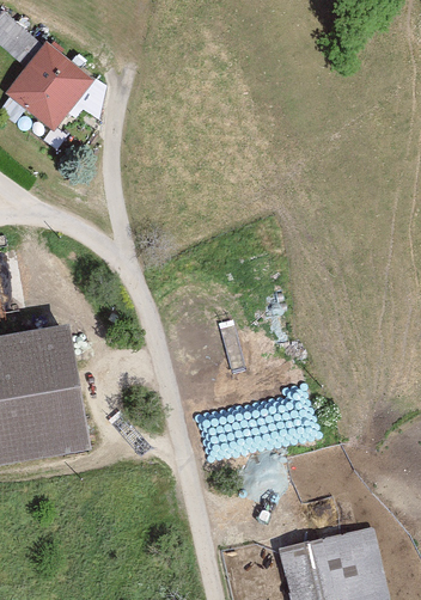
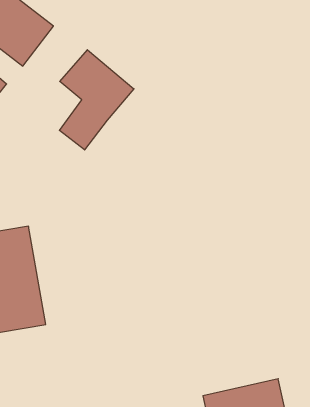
building: none -> [59,50,134,150]

